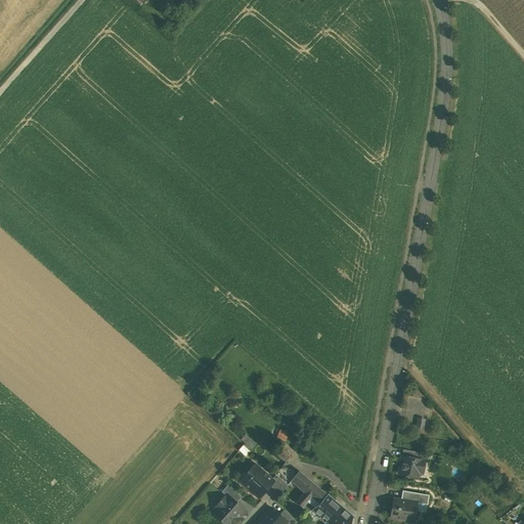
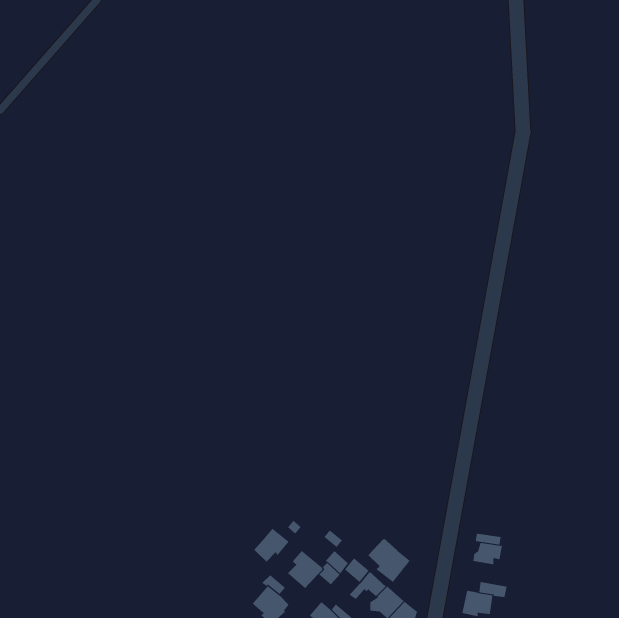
building: none -> [254,528,289,562]
building: none -> [368,538,411,583]

